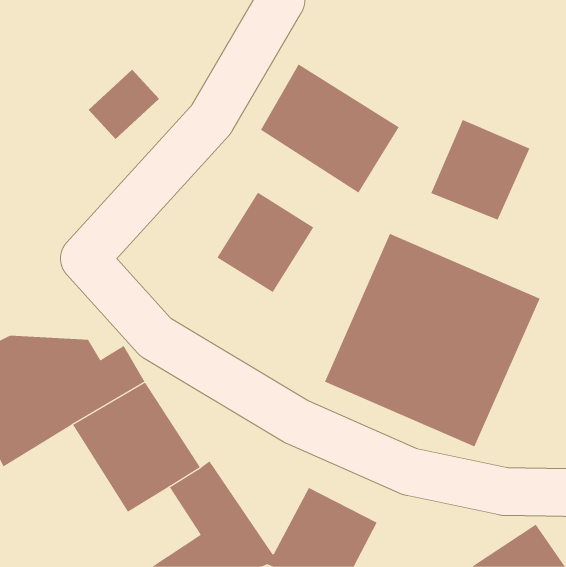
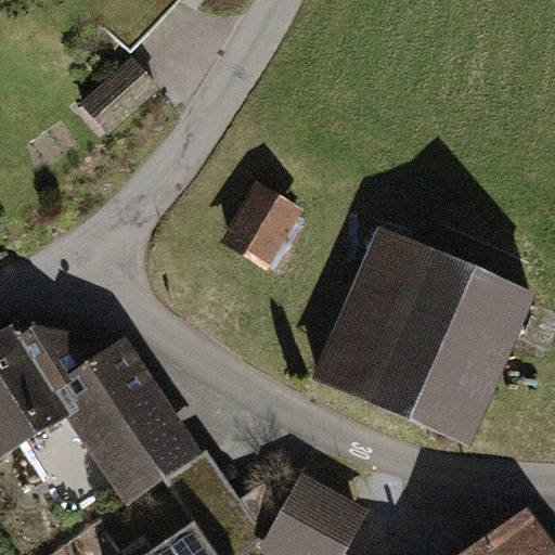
building: [260,64,399,193] -> none
building: [430,119,530,220] -> none

